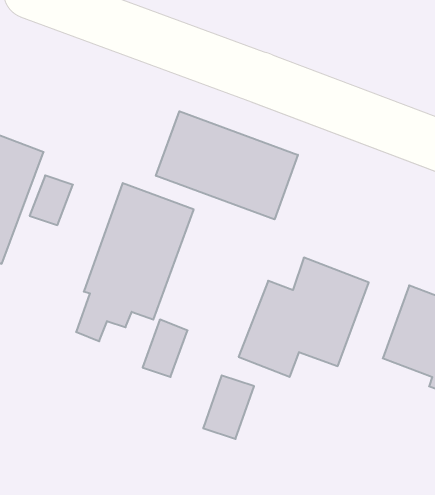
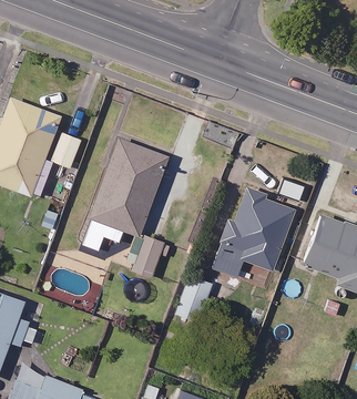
building: [156,111,298,219] -> none

